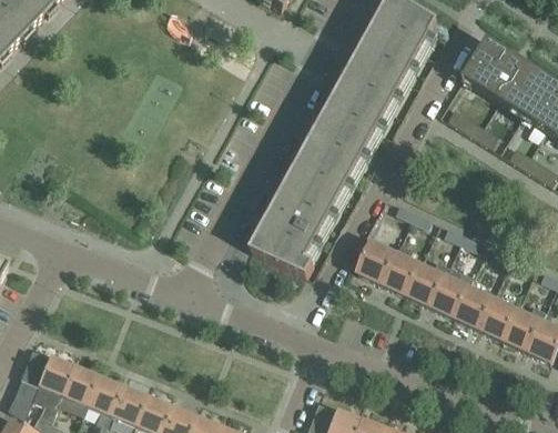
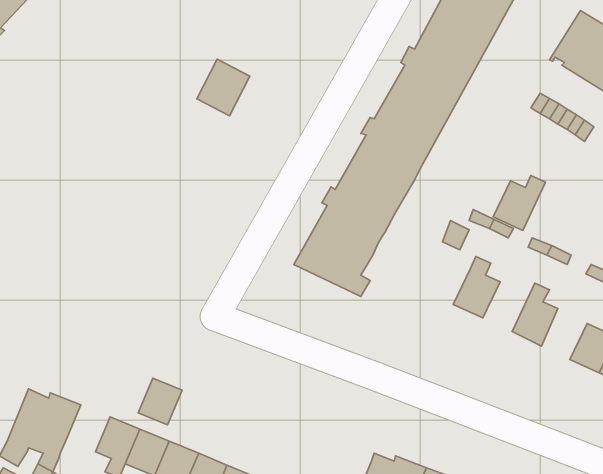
building: none -> [197,59,250,116]
building: [355,240,394,281] -> none
building: [404,258,447,303] -> [493,176,545,230]
building: [453,284,490,326] -> none
building: [59,364,95,403] -> [138,378,182,425]

